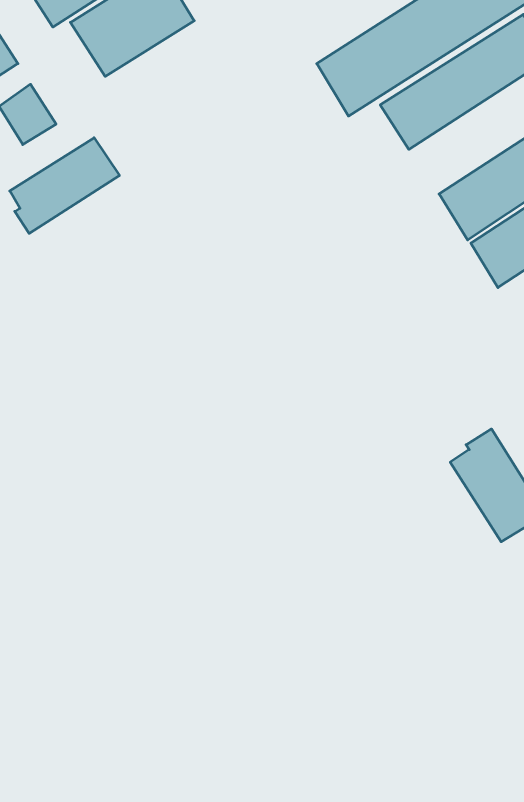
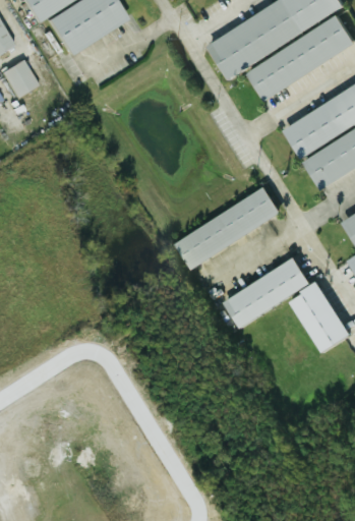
building: [10,138,119,233] -> none
building: none -> [177,187,281,268]
building: none -> [224,257,309,327]

